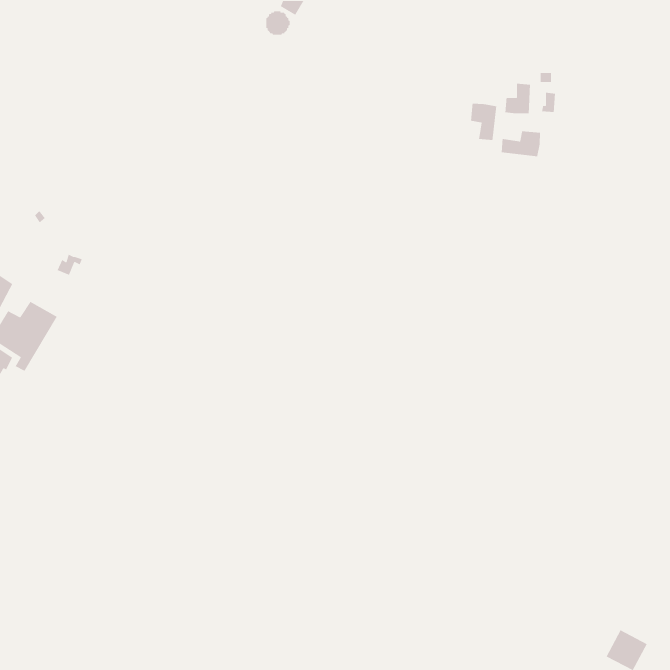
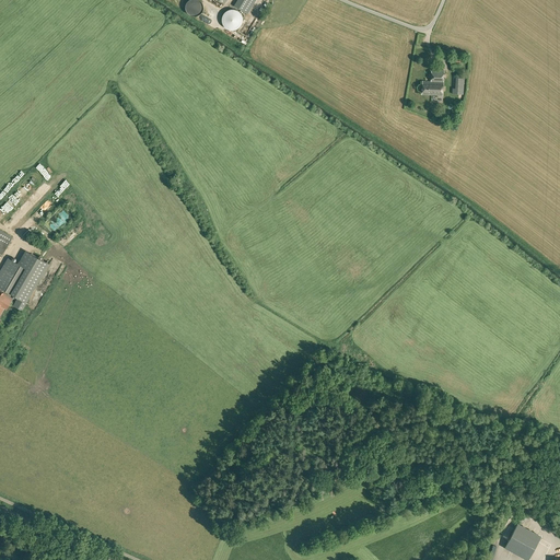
building: [470,103,497,141] -> none
building: [501,130,541,157] -> none

